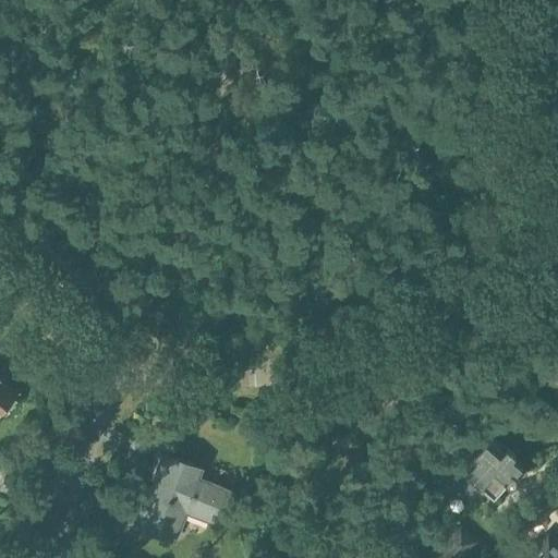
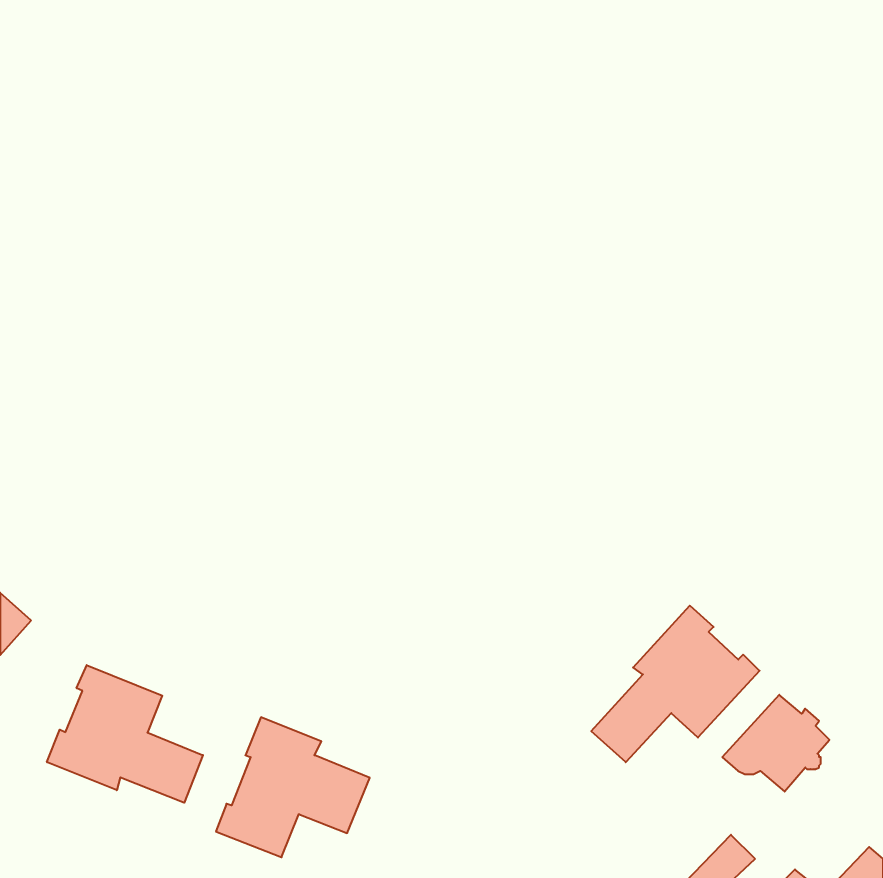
building: none -> [591,606,760,762]
building: none -> [47,665,203,803]

